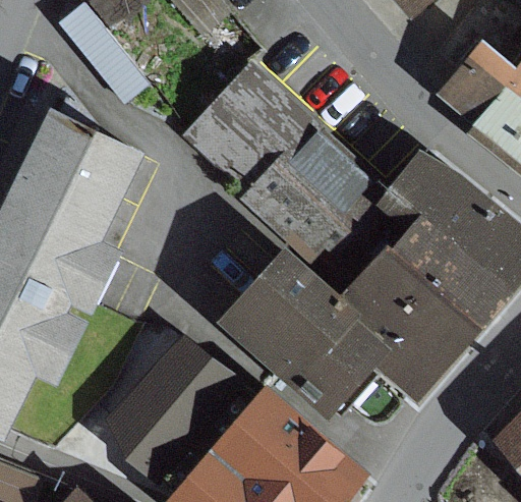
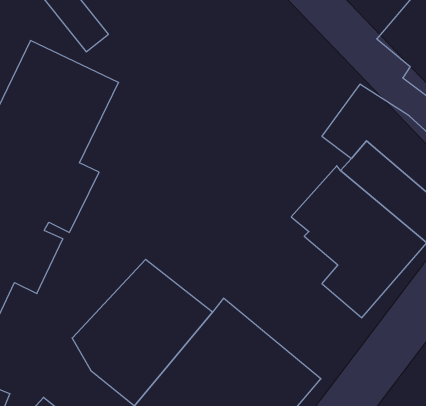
building: [189,68,373,255] -> none
building: [219,244,392,416] -> none

